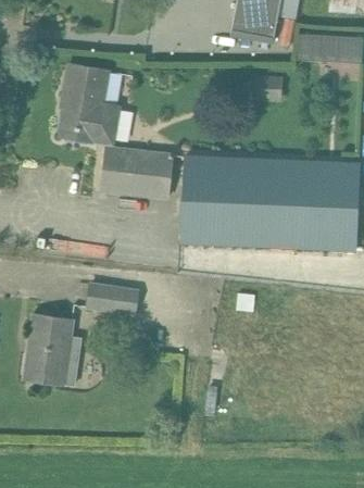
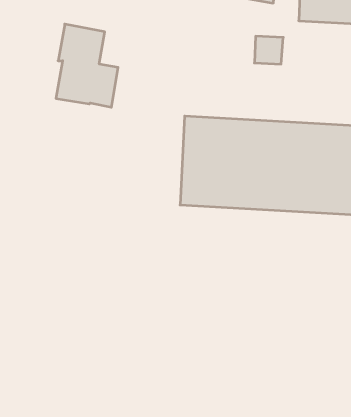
building: [101,148,173,199] -> none
building: [86,285,136,315] -> none
building: [24,315,79,386] -> none

